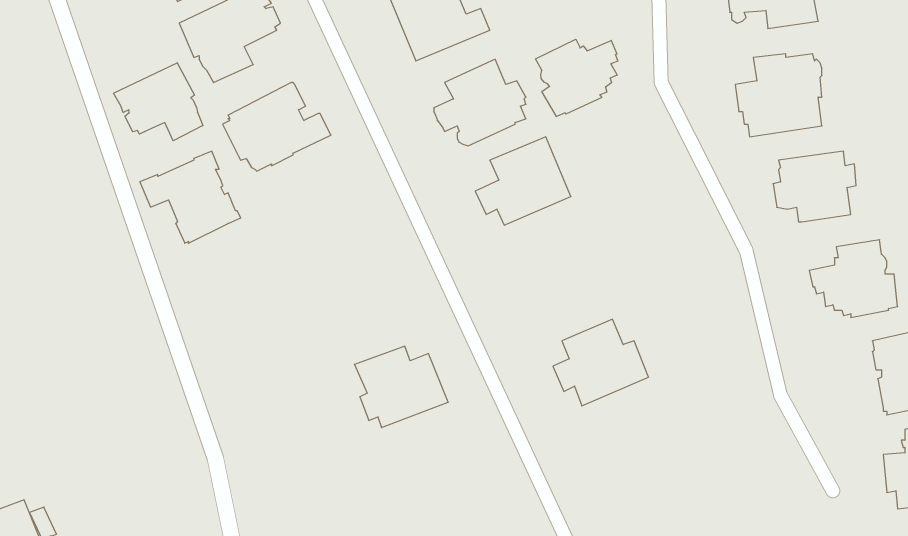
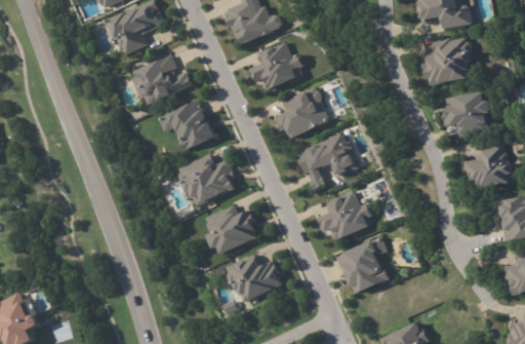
building: [536,39,618,117] -> none
building: [114,63,203,141] -> none
building: [140,151,241,243] -> [159,101,216,153]
building: none -> [298,136,358,191]
building: none -> [179,155,236,208]
building: none -> [339,237,387,293]
building: none -> [227,254,283,301]

